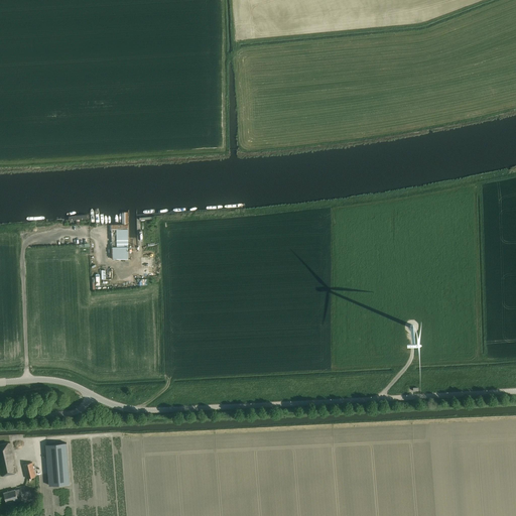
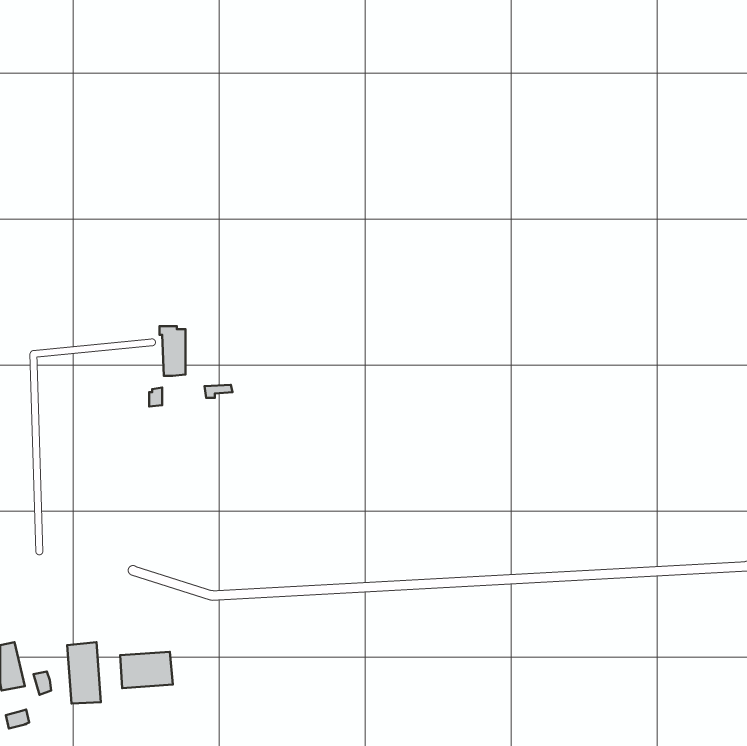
building: none -> [120,652,173,688]

